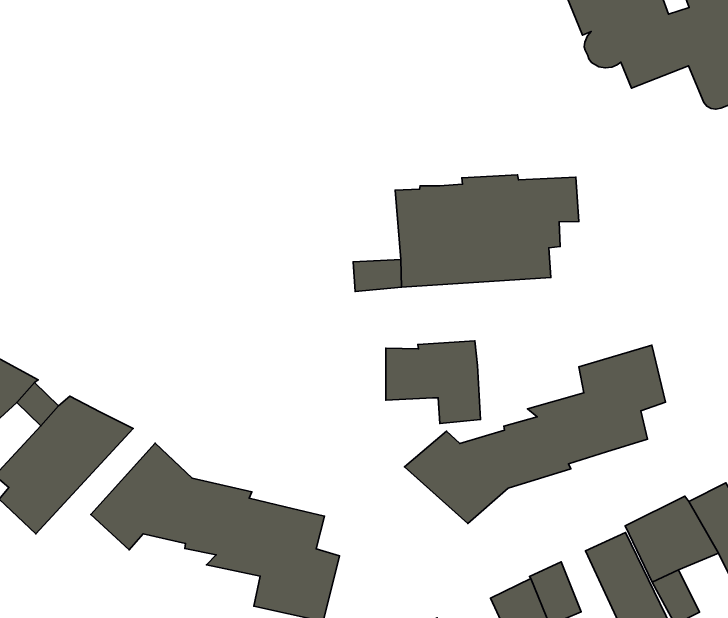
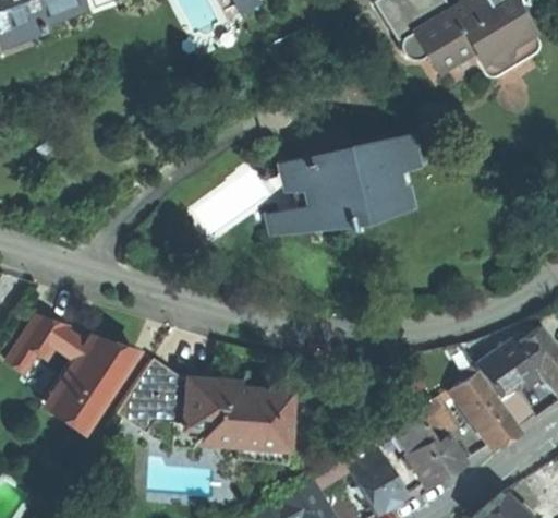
building: [386,341,480,424] -> none
building: [404,345,665,523] -> none

